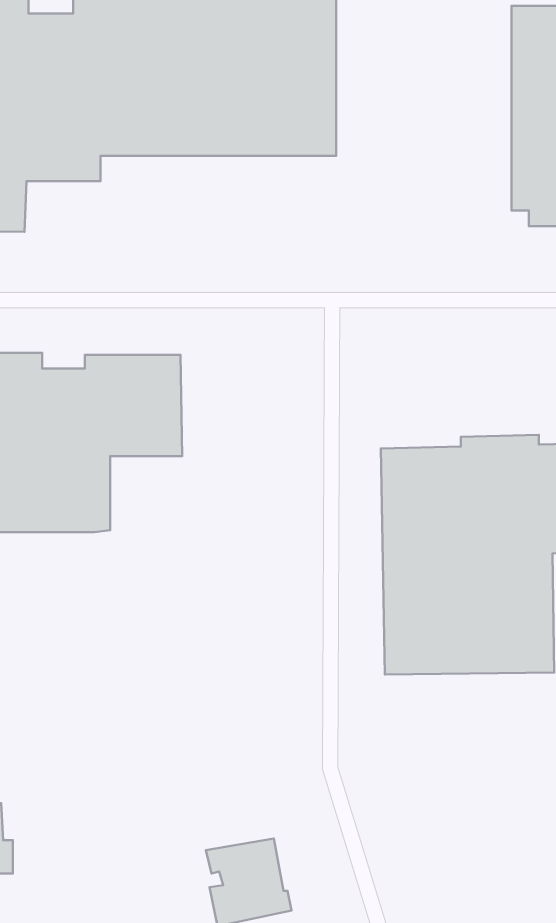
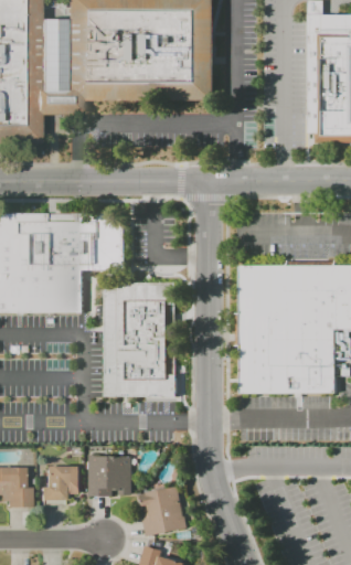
building: none -> [104,280,179,396]
building: none -> [87,452,131,494]
building: none -> [40,466,79,499]

